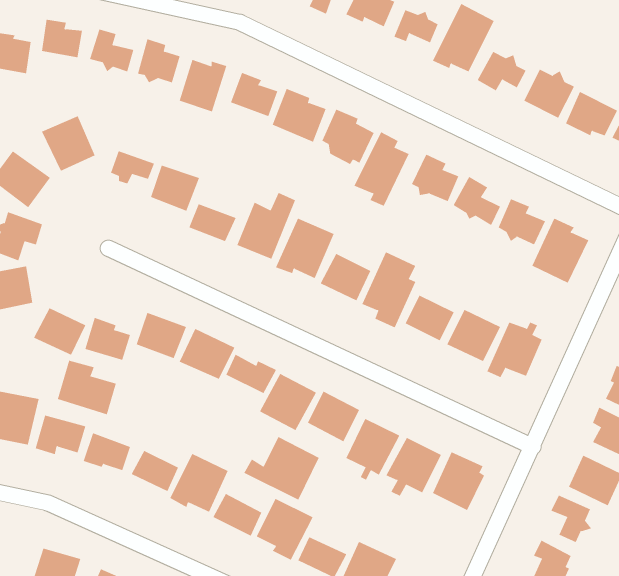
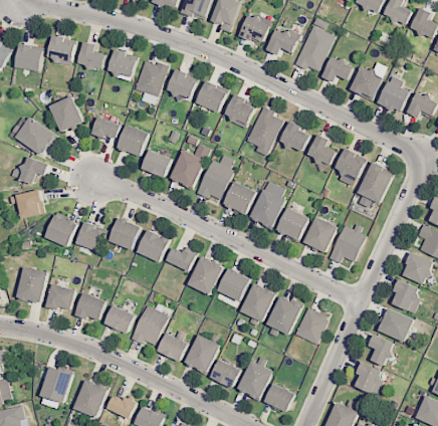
building: [57,360,117,415] -> none
building: [243,436,319,501] -> none

